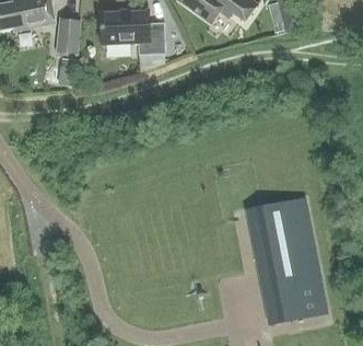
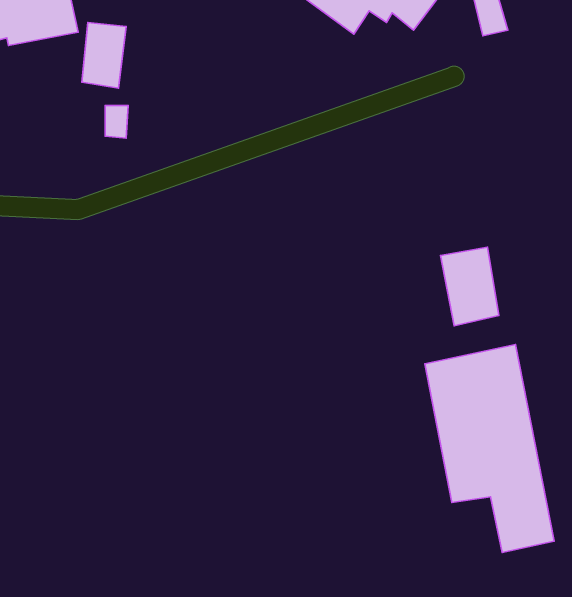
building: [99,9,165,54] -> none
building: none -> [440,247,499,326]

